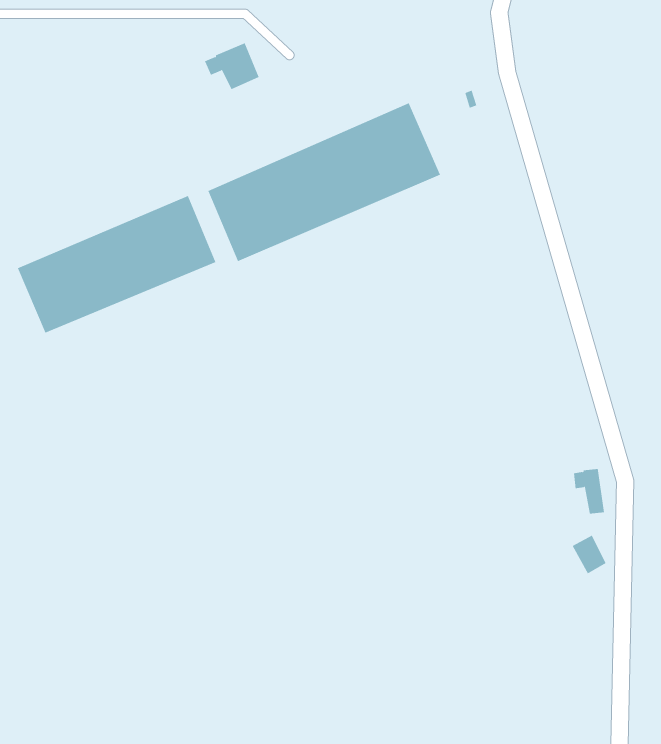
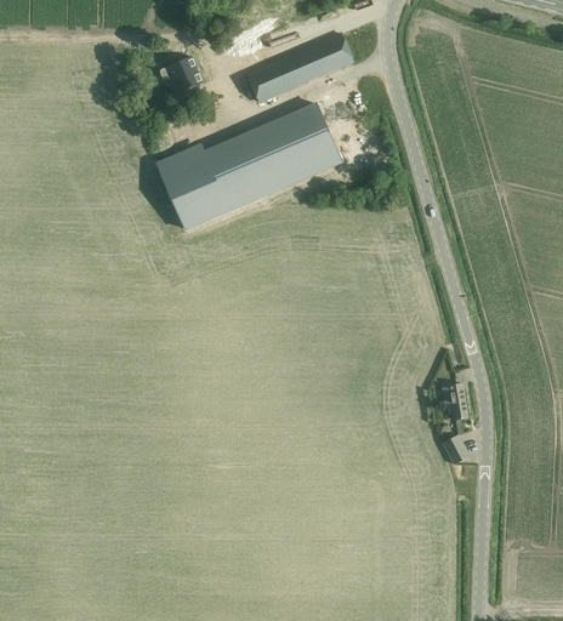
building: none -> [245,36,351,104]
building: [17,195,216,333] -> none

